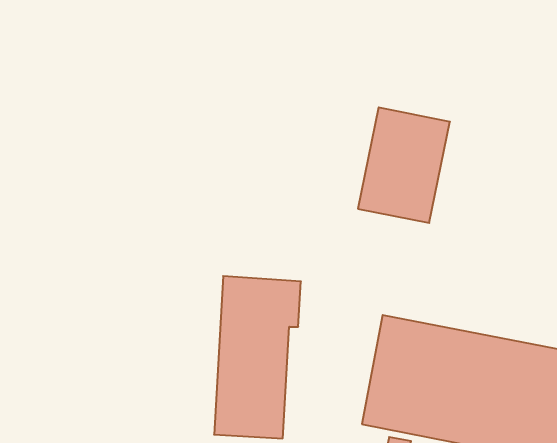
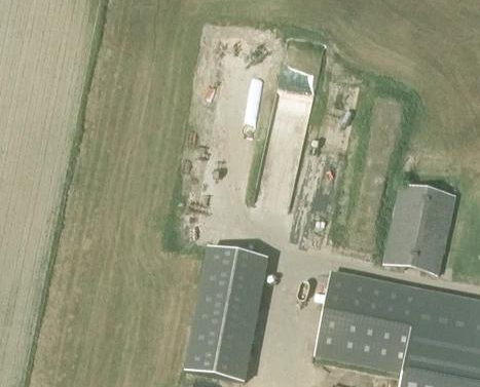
building: [358,107,450,223] -> [383,184,456,275]

